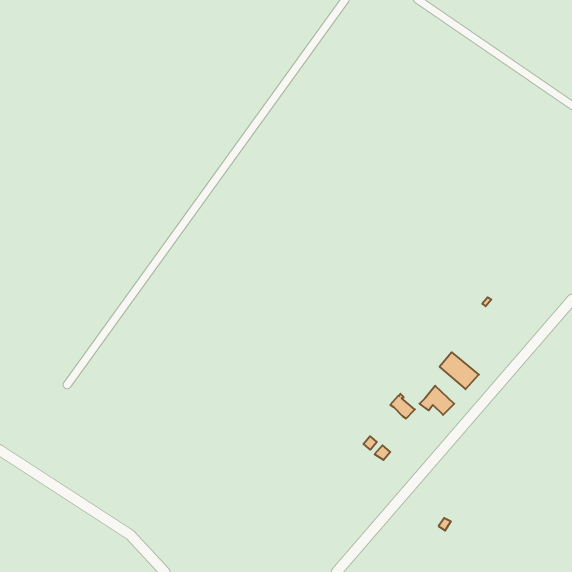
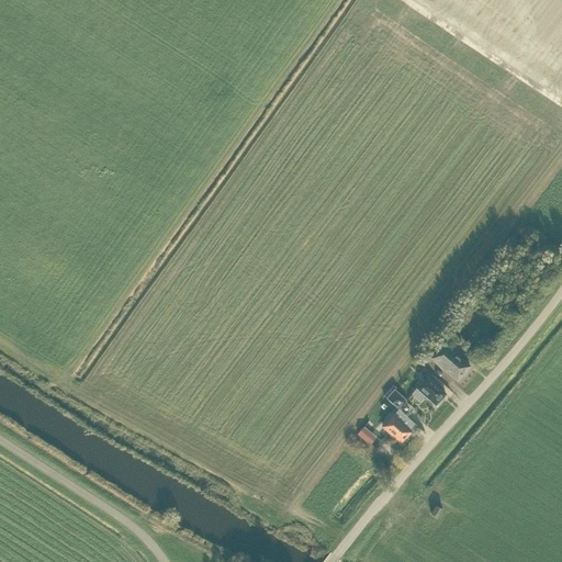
building: none -> [381,409,409,445]

